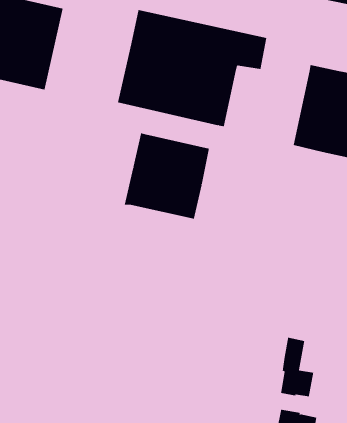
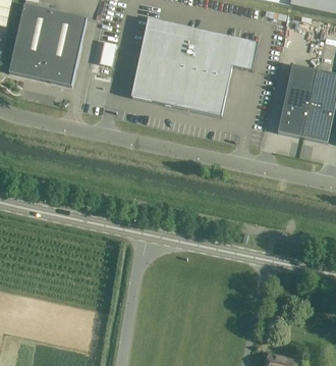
building: [124,133,210,220] -> none
building: [281,337,314,397] -> none

